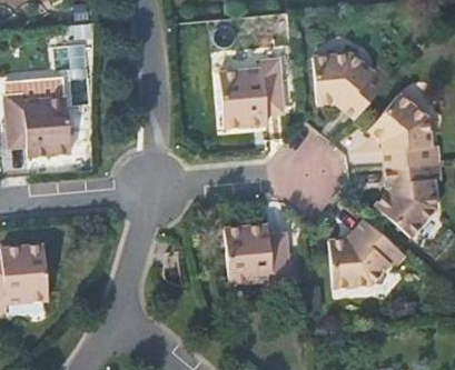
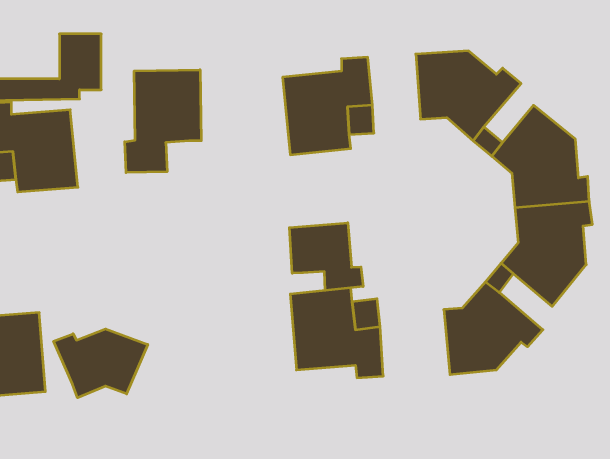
building: none -> [125,70,201,173]
building: none -> [289,223,363,290]
building: none -> [54,329,148,398]

